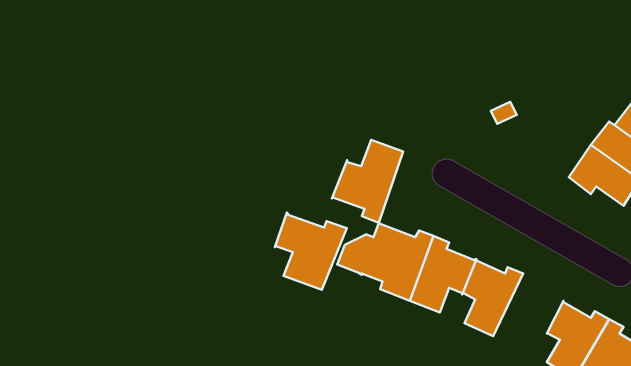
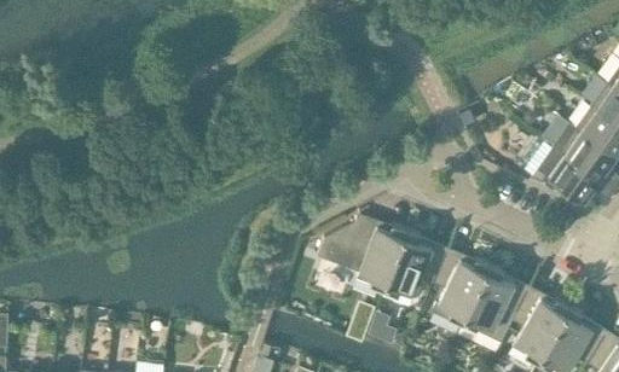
building: [332,140,403,223] -> none
building: [275,213,347,290] -> none
building: none -> [462,265,527,341]

